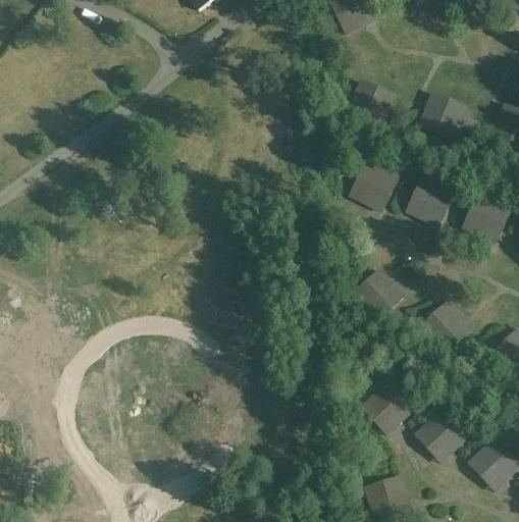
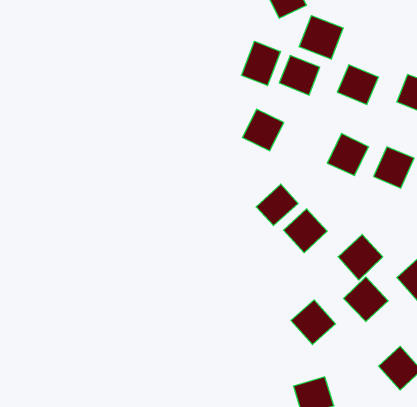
building: none -> [299,16,343,59]
building: none -> [241,41,281,86]
building: [349,159,400,210] -> [242,109,284,151]
building: none -> [256,184,298,226]
building: [415,407,470,462] -> [344,277,388,322]

